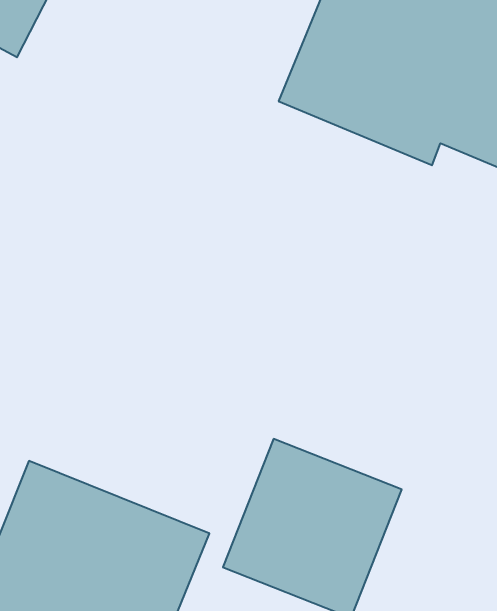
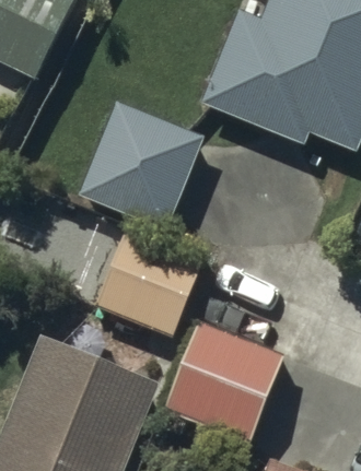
building: none -> [78,103,199,227]
building: none -> [96,227,201,332]

